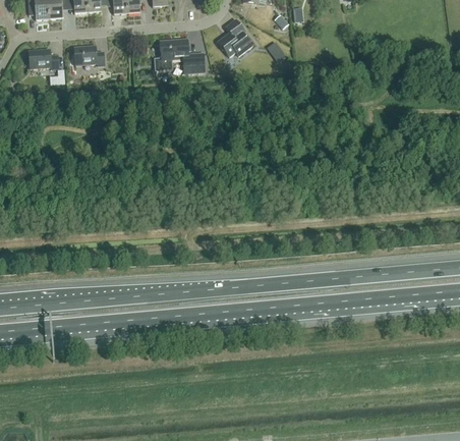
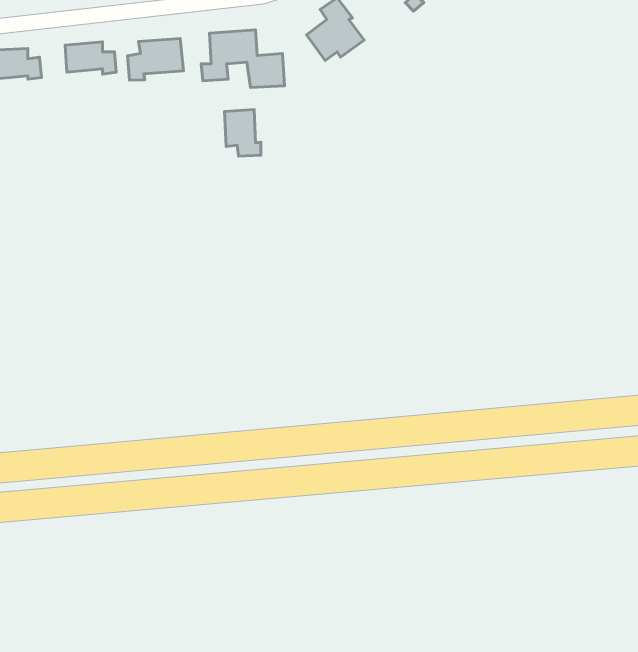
building: none -> [127,39,183,80]
building: none -> [225,109,261,156]

